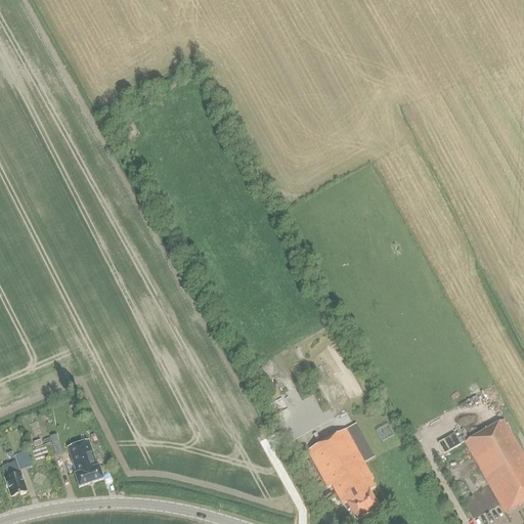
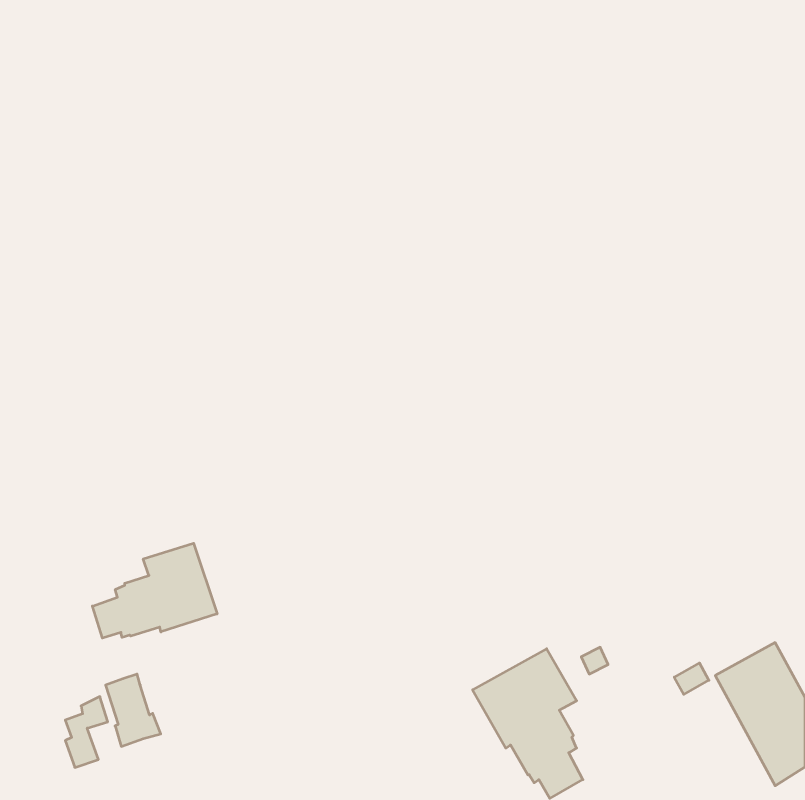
building: none -> [92,543,217,638]
building: [5,448,33,494] -> [65,697,108,767]

